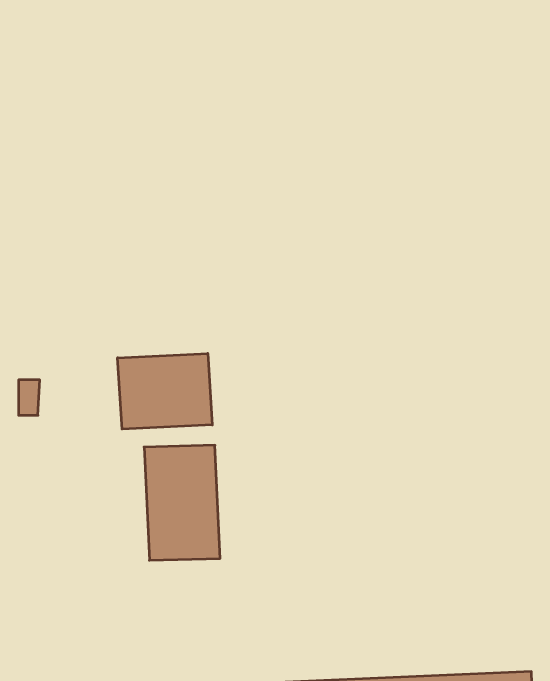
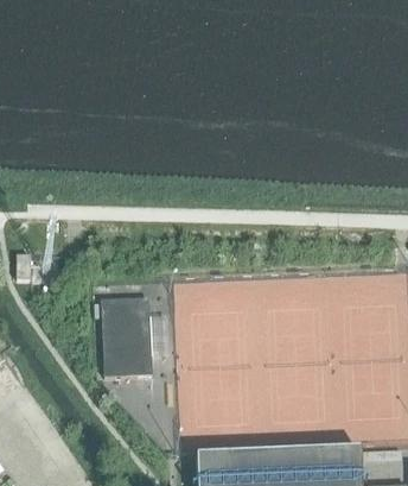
building: [118,353,212,429] -> none

